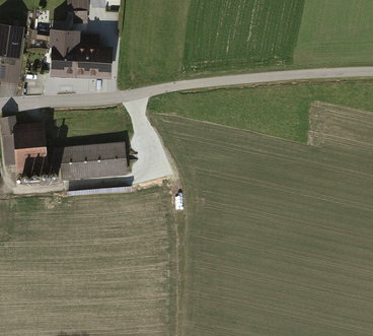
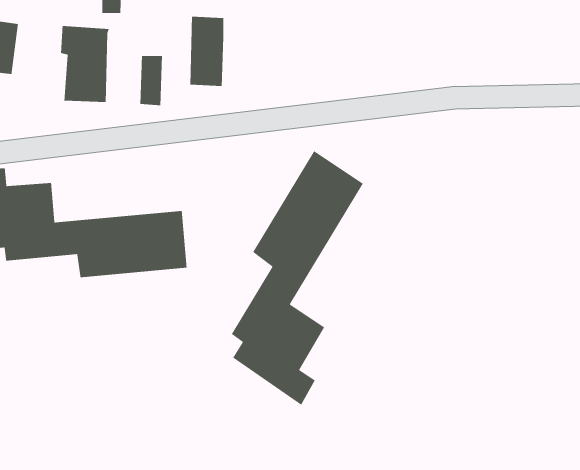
building: [77,33,98,77] -> [189,16,224,87]
building: none -> [231,150,364,406]

